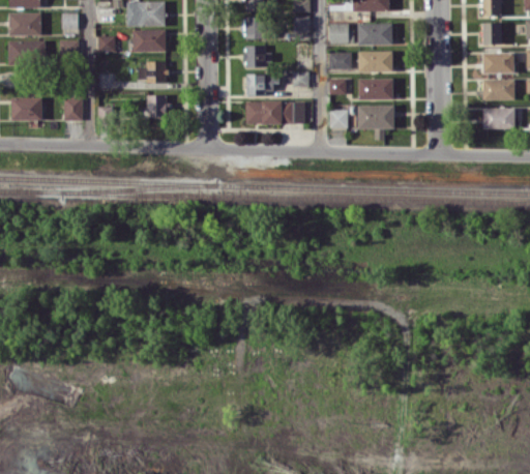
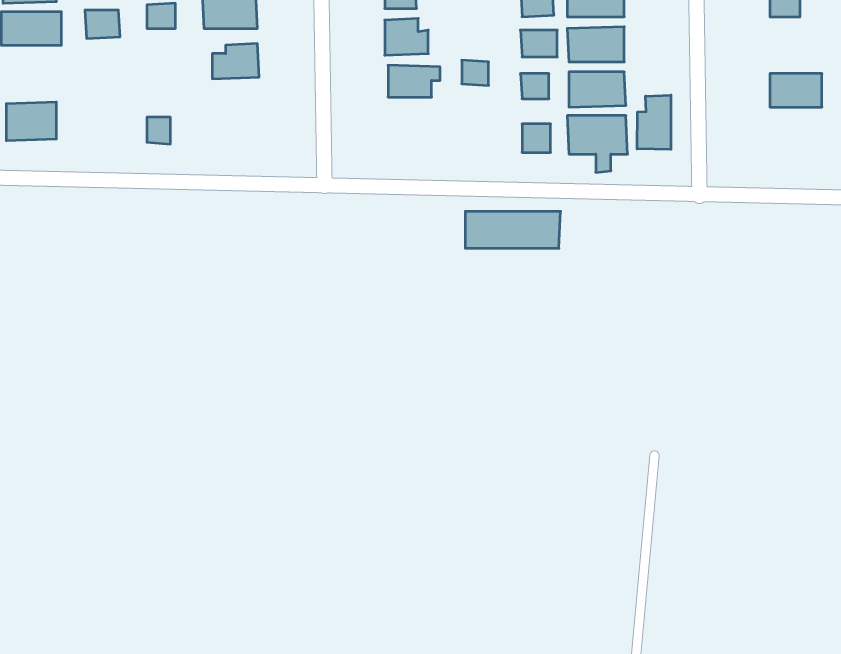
building: [483,52,516,73] -> none
building: none -> [637,95,671,149]
building: [147,94,168,117] -> none
building: [64,97,83,120] -> none
building: [246,100,305,123] -> [465,211,561,248]
building: [483,107,516,128] -> none

